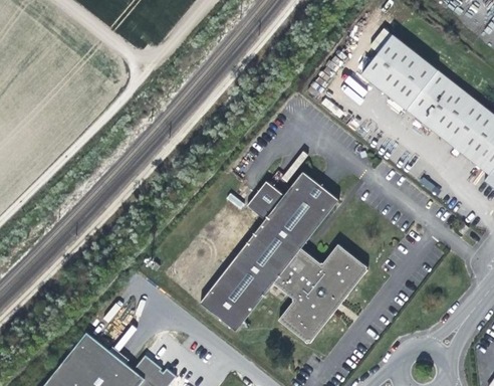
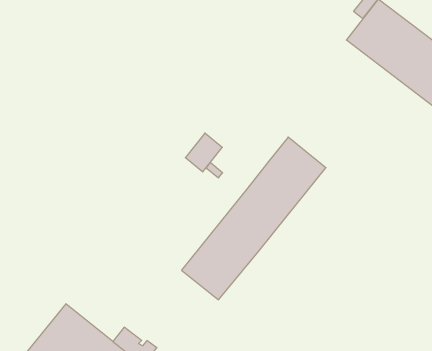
building: [248,181,284,219] -> [185,133,222,172]
building: [274,242,369,343] -> none

